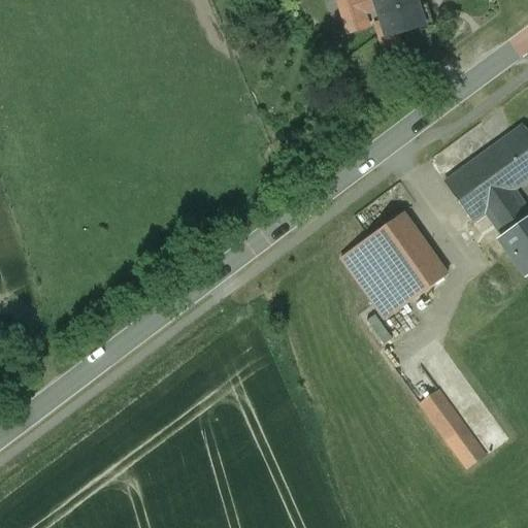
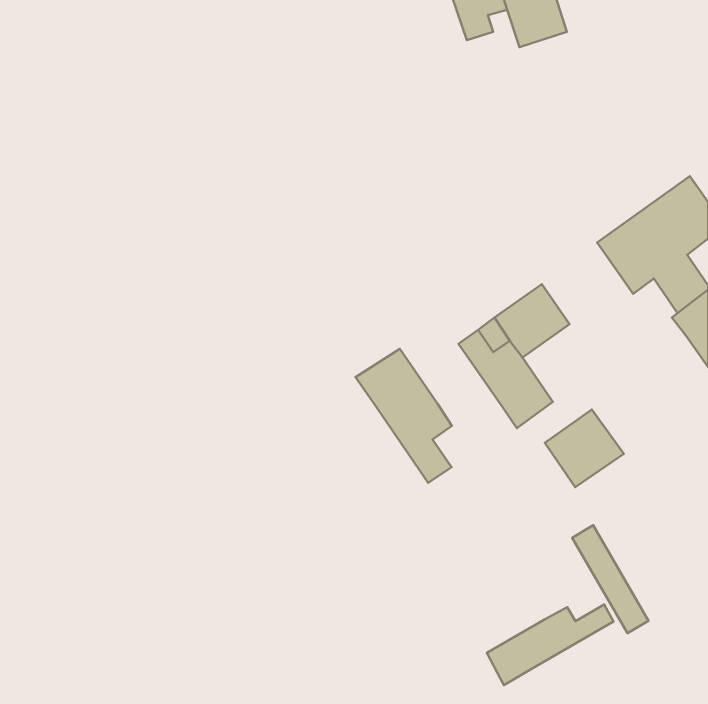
building: [389,241,448,299] -> [545,410,624,487]
building: none -> [356,349,452,483]
building: none -> [487,604,614,685]

